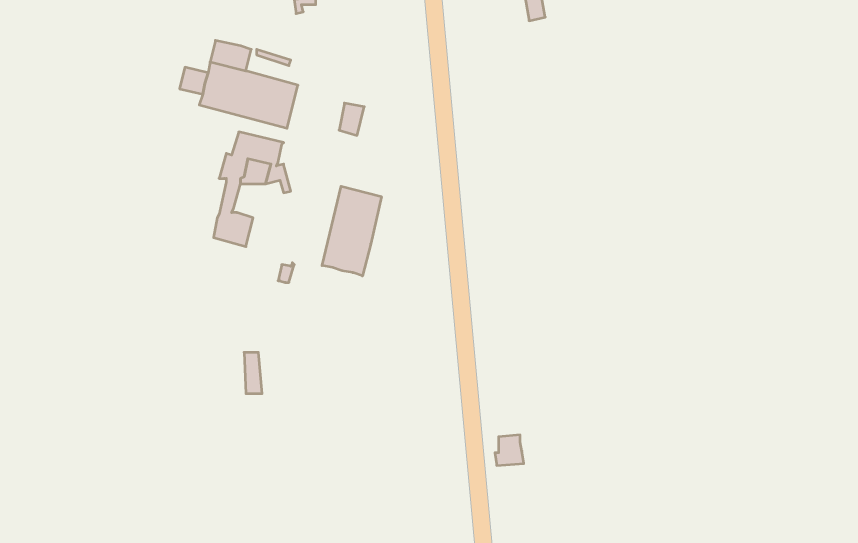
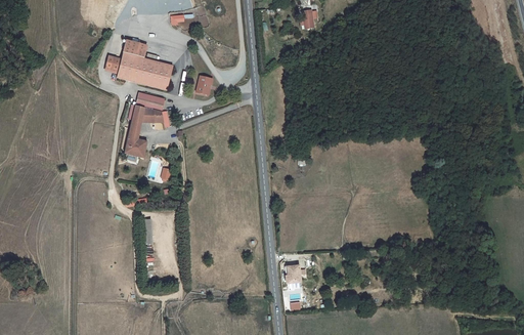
building: [322,186,381,276] -> none

